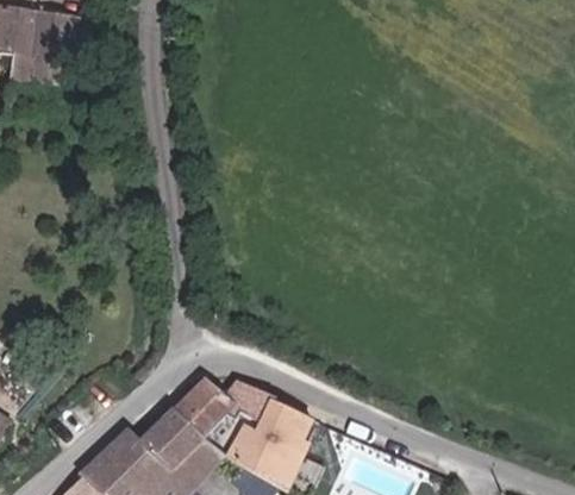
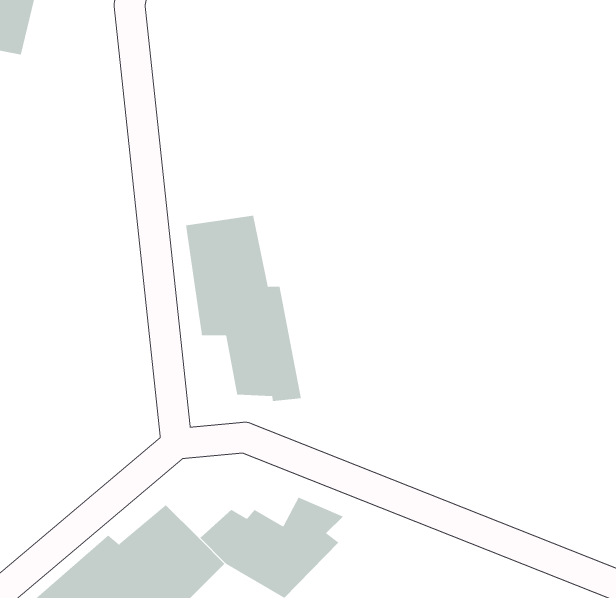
building: none -> [185,215,301,402]
building: [171,387,277,443] -> none

